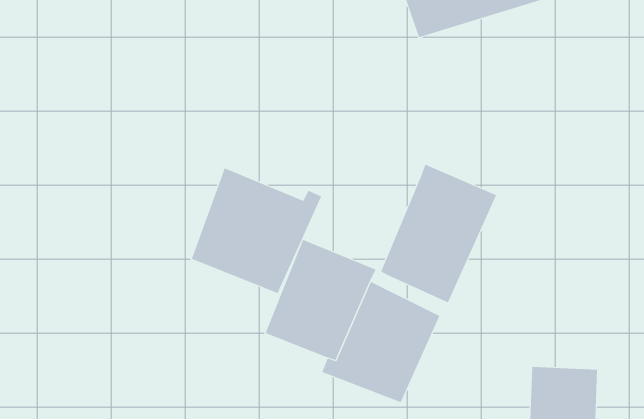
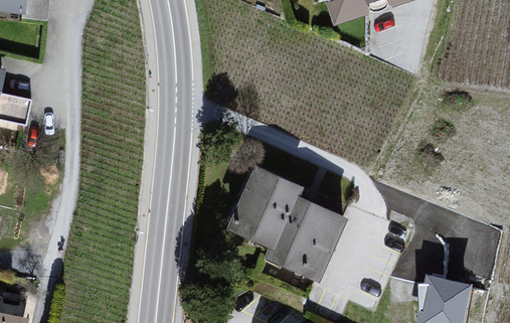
building: [380,164,497,303] -> none
building: [191,167,322,294] -> none

